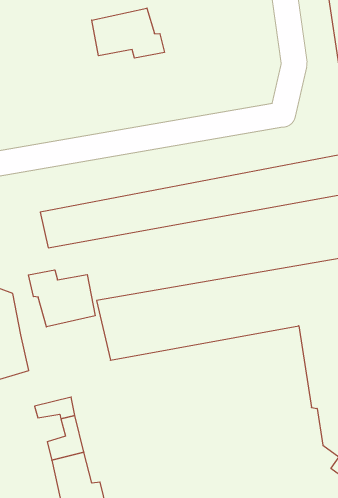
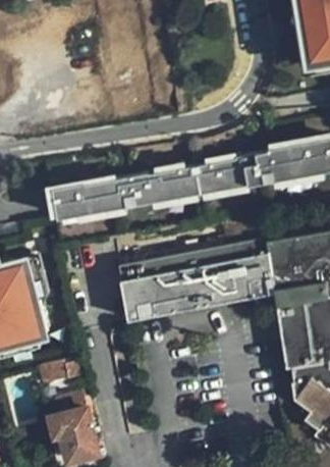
building: [92,8,164,58] -> none
building: [28,270,95,327] -> none

